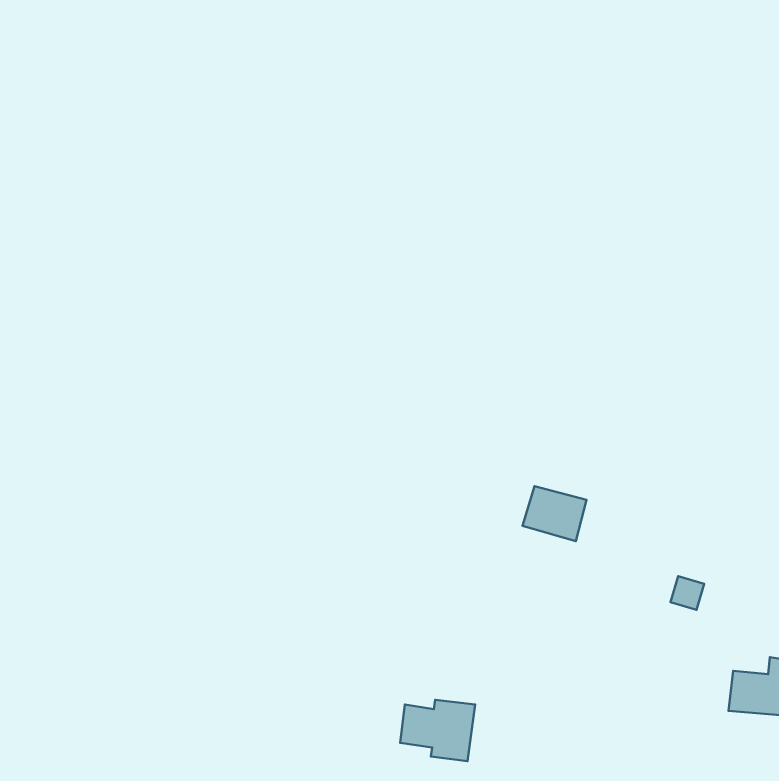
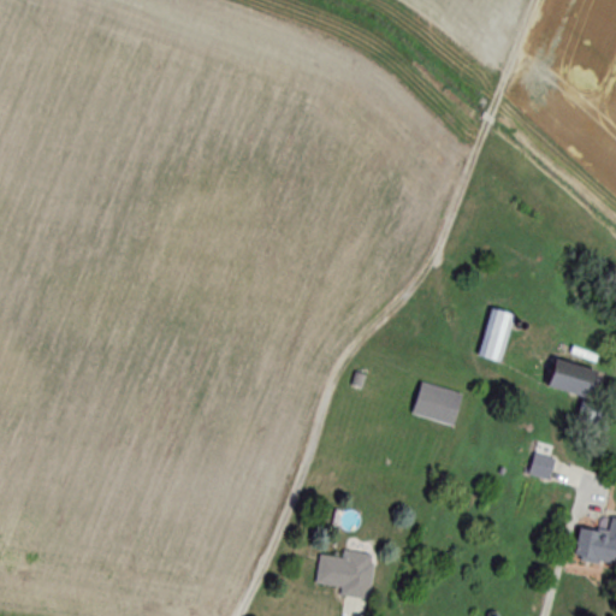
building: none -> [478,308,515,362]
building: none -> [550,359,599,398]

